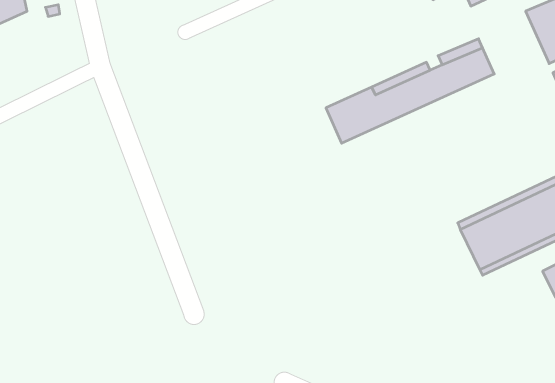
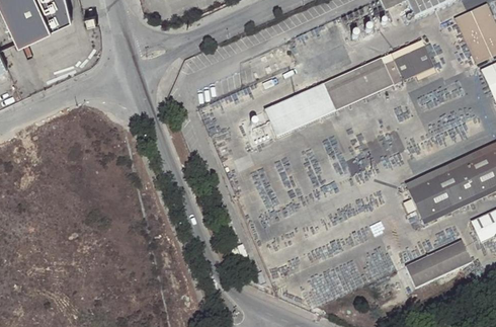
building: none -> [271,94,314,135]
building: none -> [404,241,471,288]

